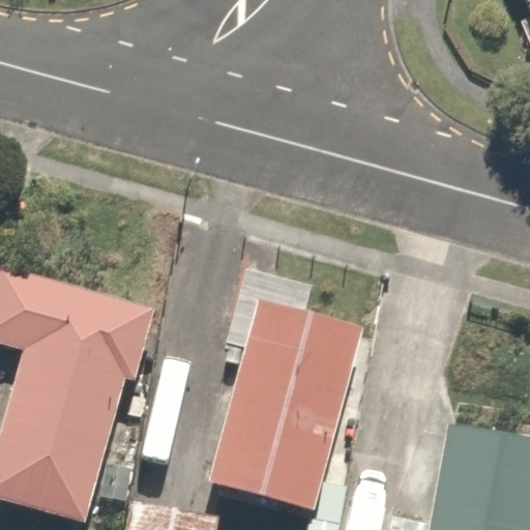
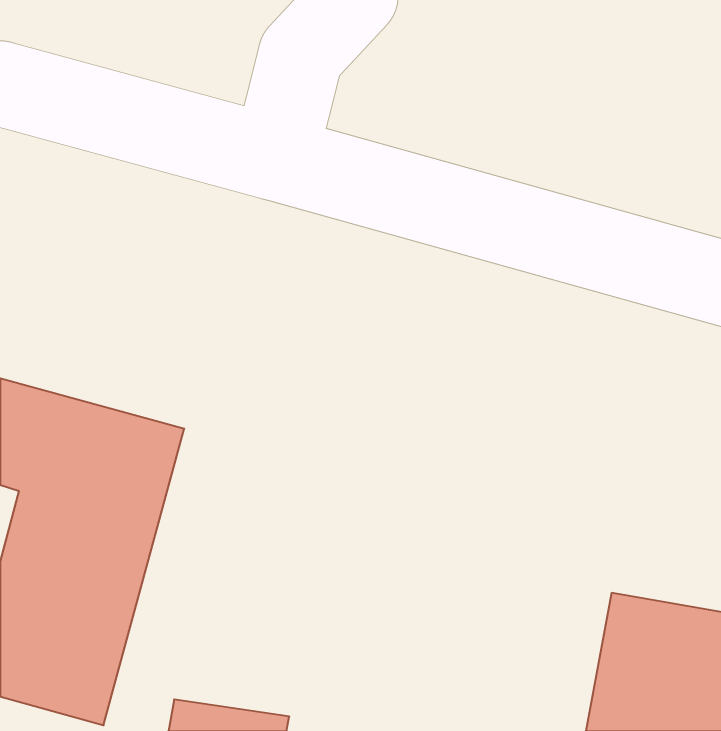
building: [211,302,352,505] -> none

